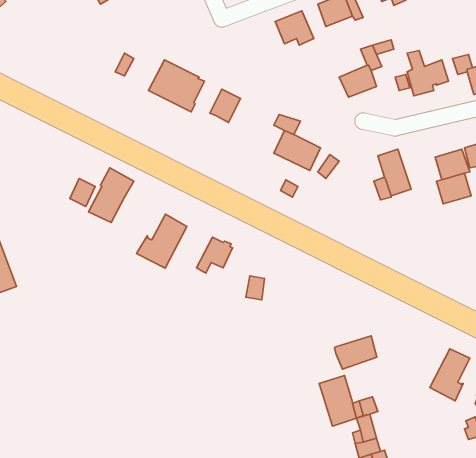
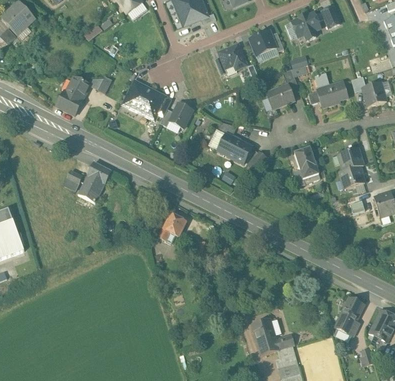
building: none -> [55,75,89,114]
building: [137,214,187,268] -> none
building: [335,336,377,369] -> none

